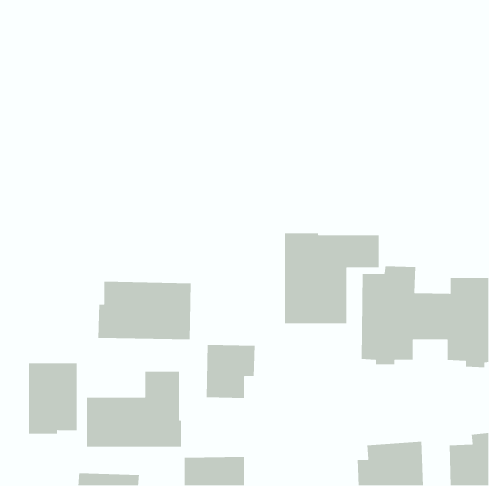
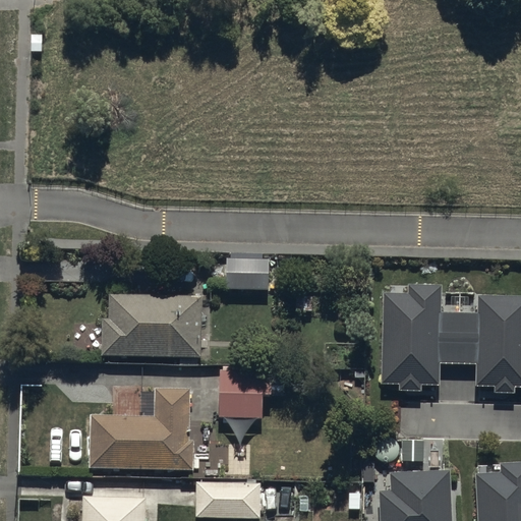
building: [284,233,379,324] -> none
building: none -> [228,256,268,293]
building: [28,363,78,435] -> none

